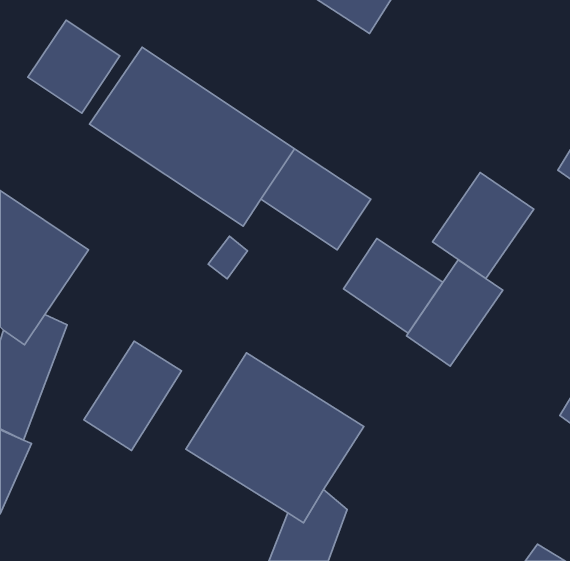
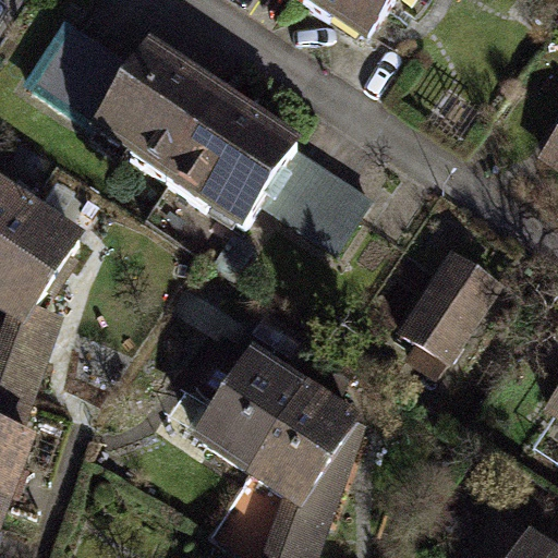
building: [432,172,534,279] -> none
building: [344,238,443,333] -> none
building: [84,341,182,451] -> none

